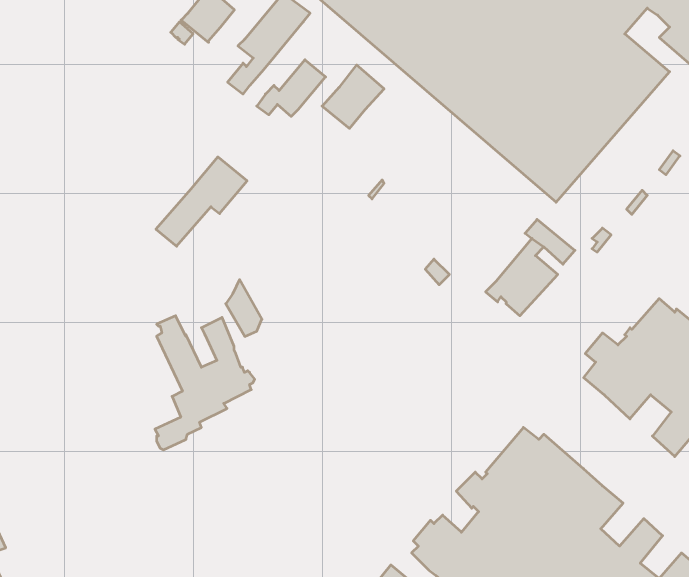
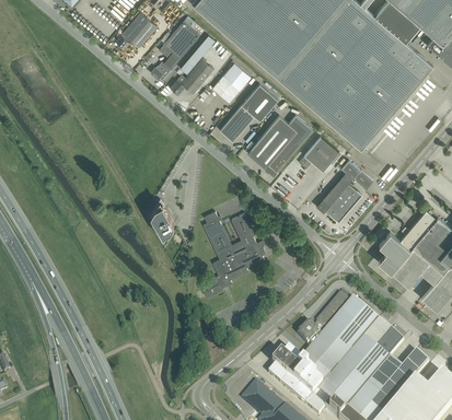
building: none -> [247,116,312,175]
building: [156,157,247,246] -> [220,84,278,141]
building: none -> [299,137,339,172]
building: [155,316,255,450] -> [202,212,266,298]

